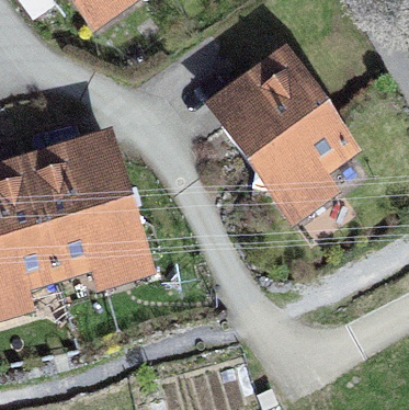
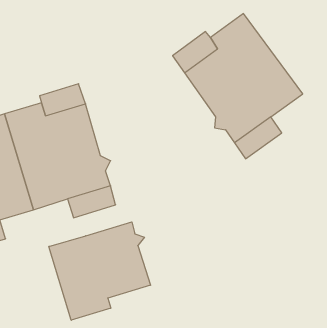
building: none -> [49,222,151,320]

